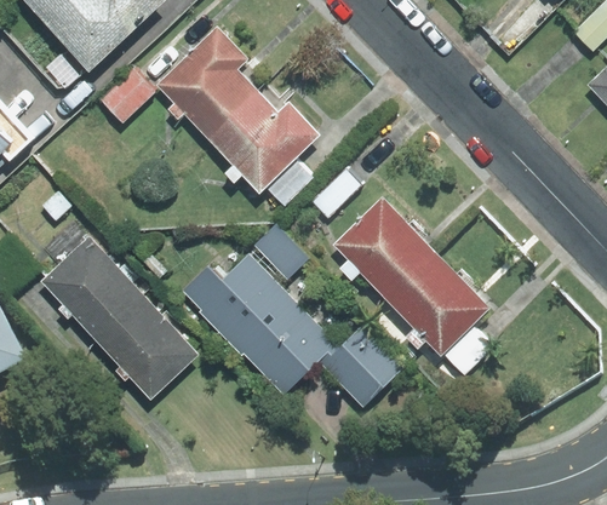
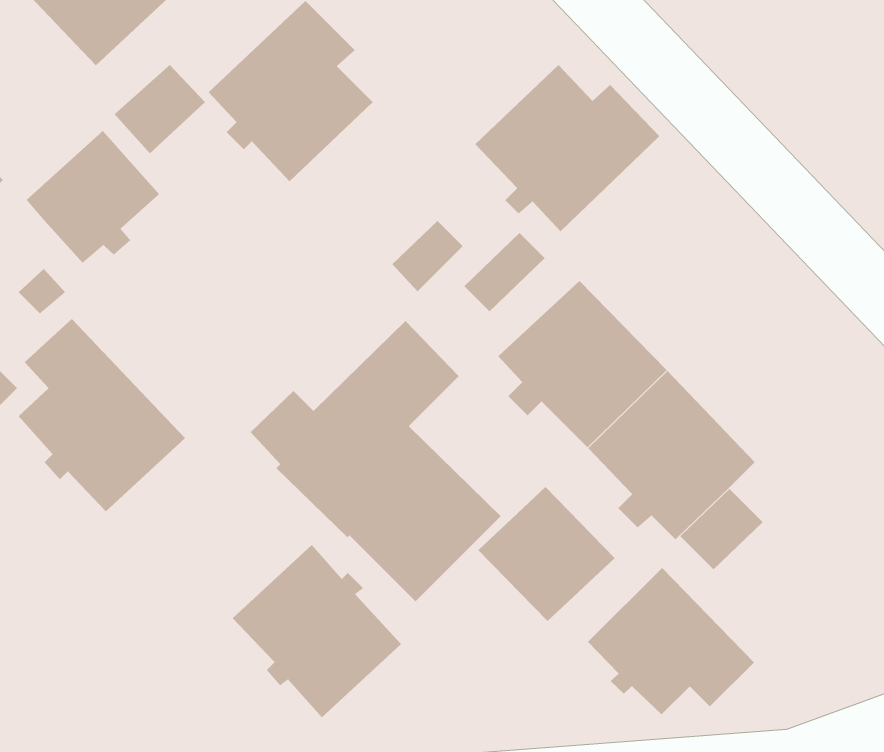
building: [207,91,320,193] -> [474,64,660,232]
building: none -> [26,130,160,264]
building: [96,294,199,400] -> [232,544,402,718]
building: none -> [587,567,755,715]

